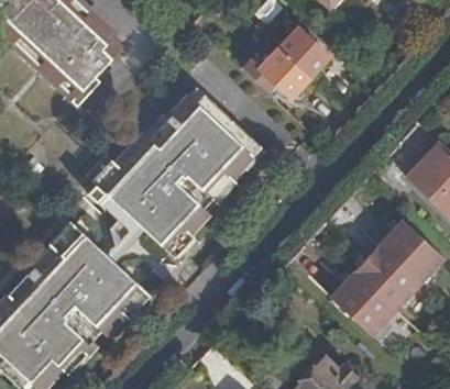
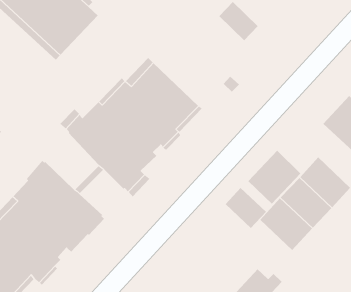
building: [260,45,310,96] -> none
building: none -> [248,150,301,204]
building: none -> [225,187,267,229]

